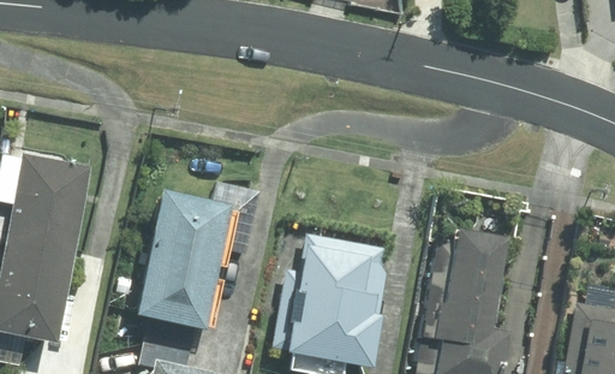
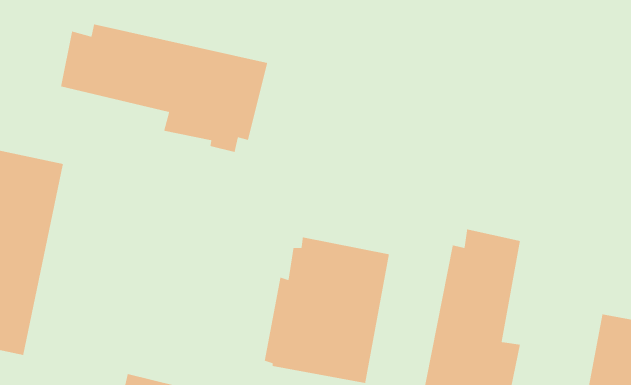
building: none -> [60,23,268,153]
building: [132,188,229,328] -> none

